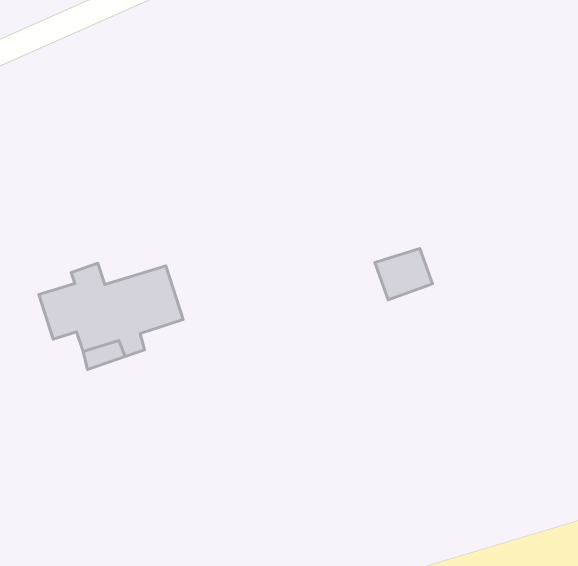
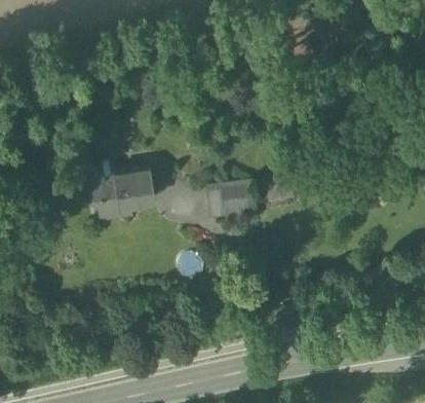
building: none -> [211,181,256,215]

